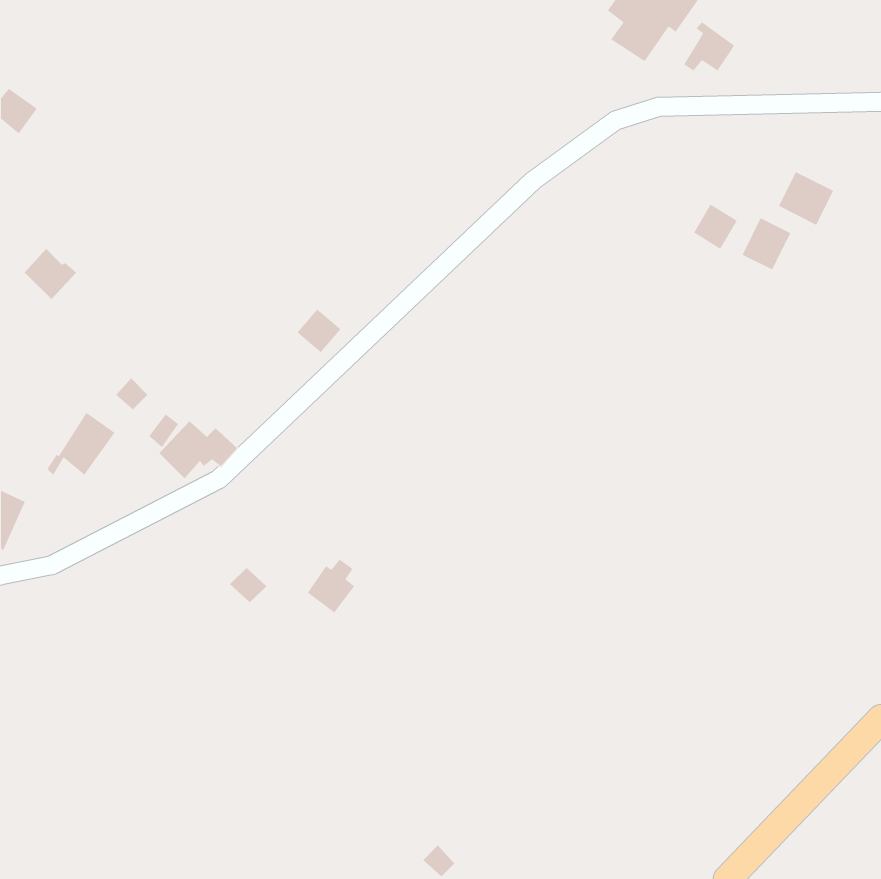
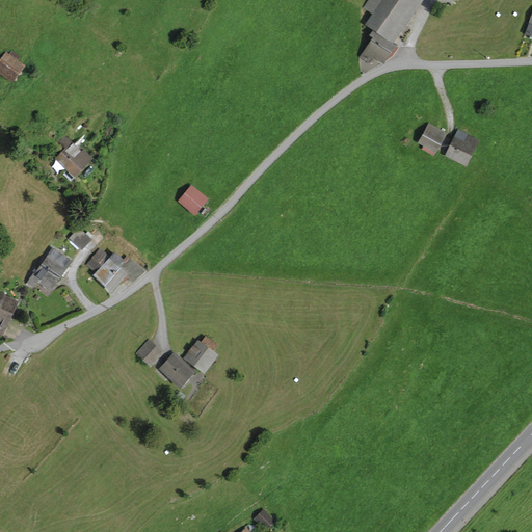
building: [683,22,735,72] -> [363,30,394,60]
building: [778,171,834,226] -> none
building: [24,248,77,300] -> [58,143,90,175]
building: none -> [160,354,193,385]

